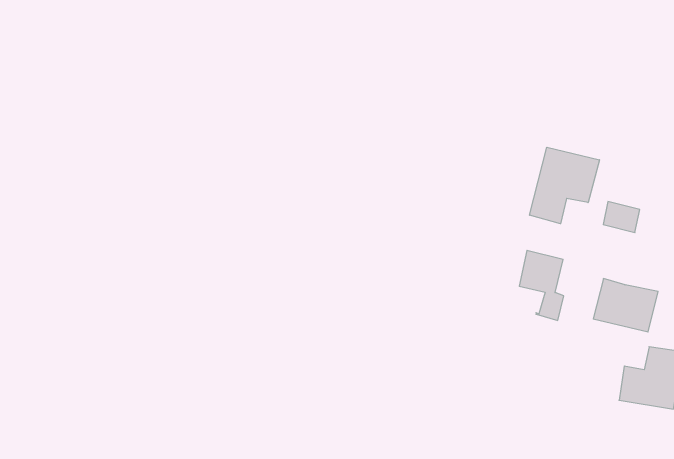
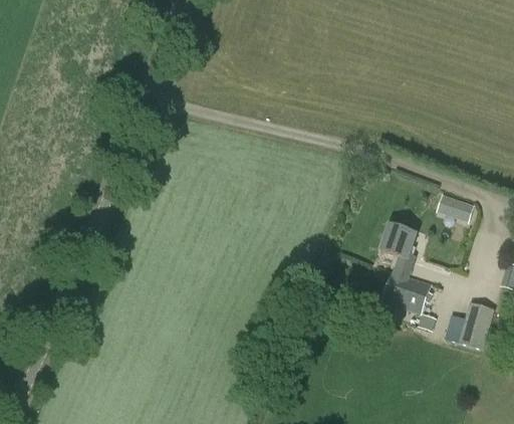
building: [530,147,599,224] -> none
building: [593,279,658,332] -> [382,271,431,312]

